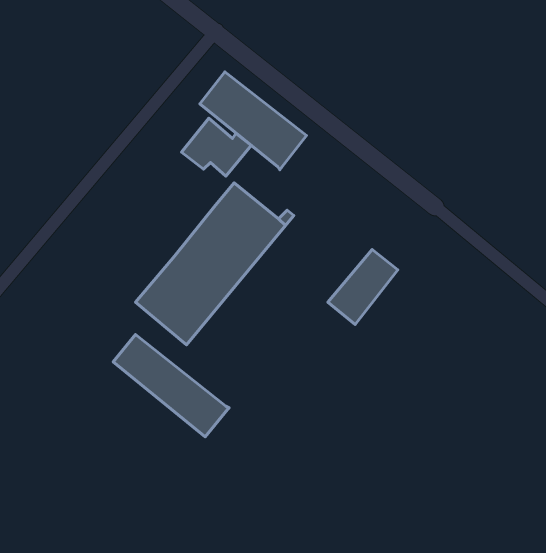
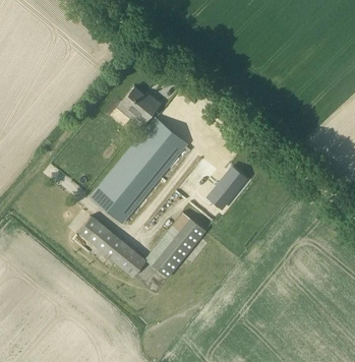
building: [200,72,306,170] -> none
building: none -> [145,212,206,278]

